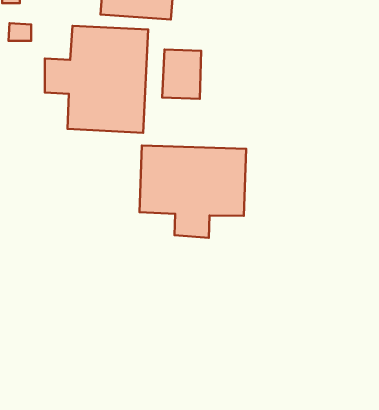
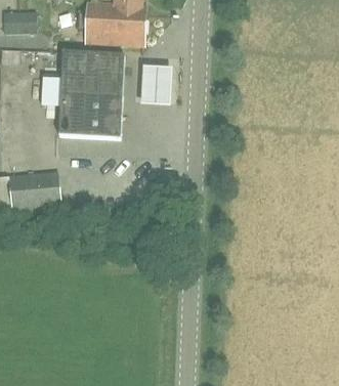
building: [140,145,246,238] -> none
building: none -> [8,170,61,212]

